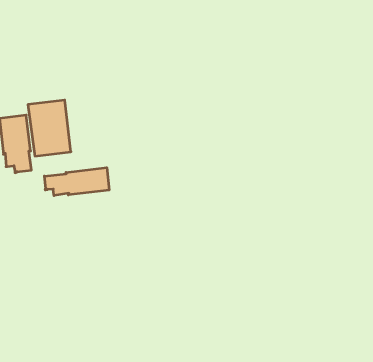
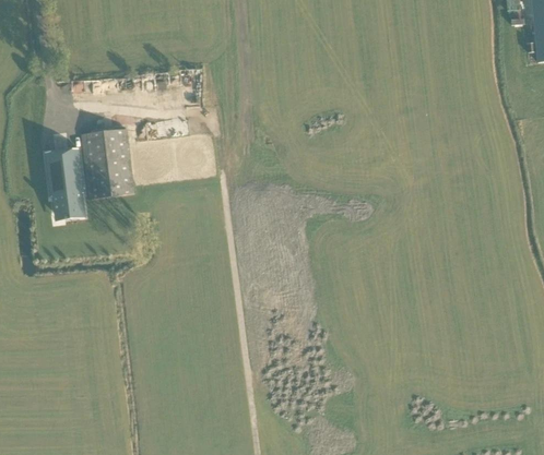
building: [44,168,109,196] -> none

